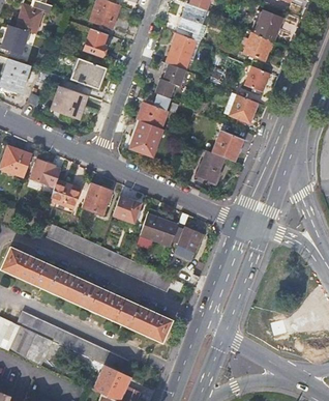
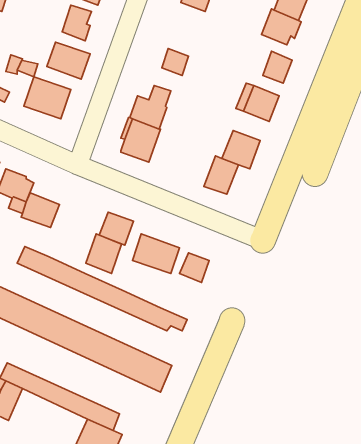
building: [166,33,197,70] -> none
building: [82,184,111,217] -> [86,234,122,273]

